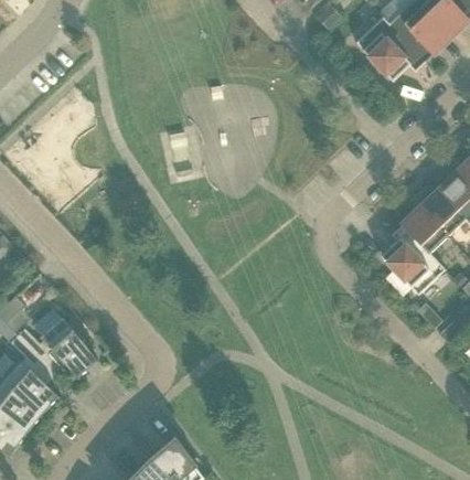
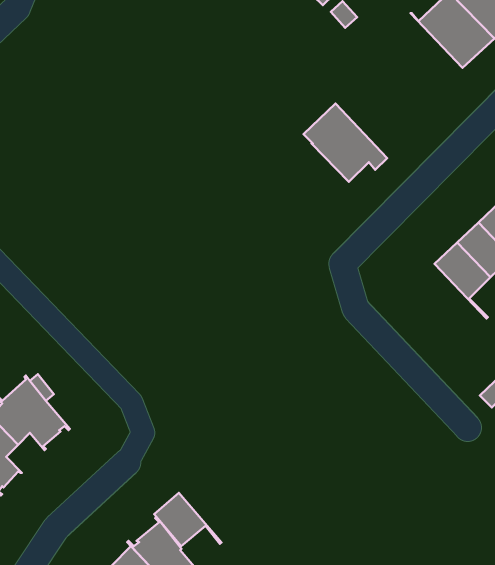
building: [354,17,424,82] -> [303,103,387,182]
building: [380,224,444,295] -> none
building: none -> [154,493,221,546]

